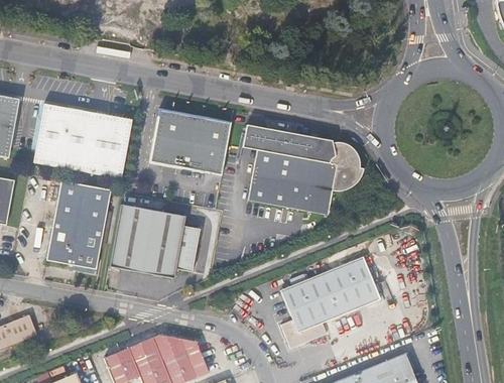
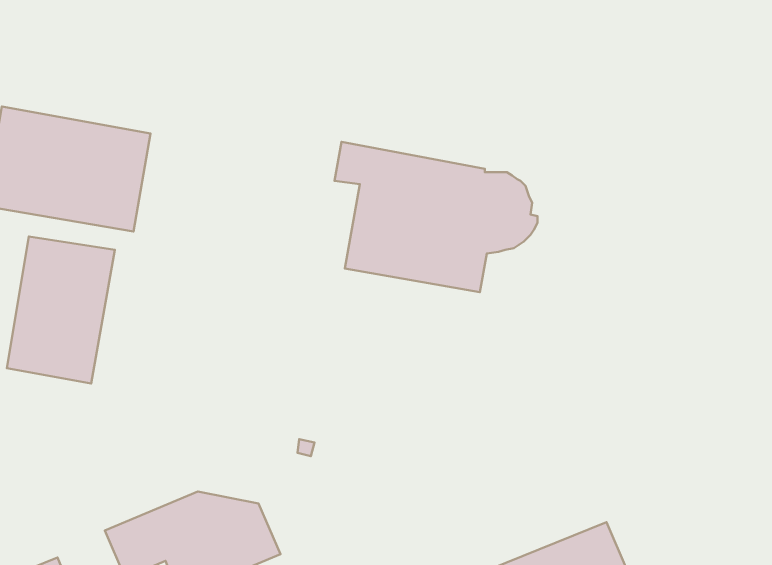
building: [149,110,232,175] -> none
building: [109,205,201,278] -> none
building: [280,257,380,348] -> none

